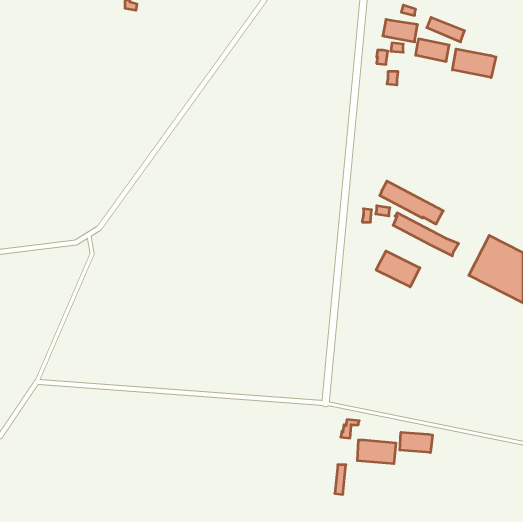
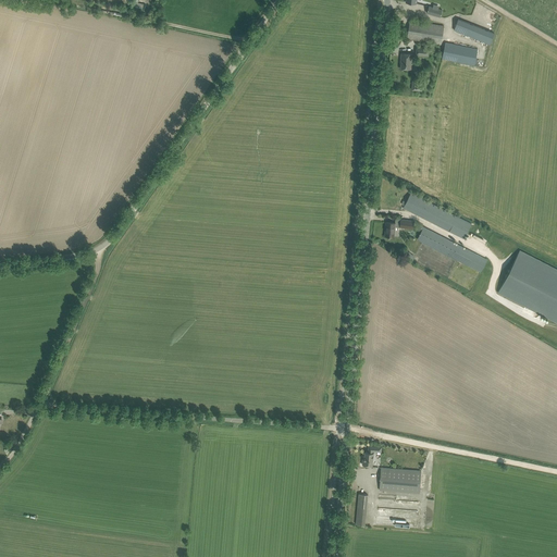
building: [452,49,496,78] -> none
building: [376,251,420,287] -> none
building: [400,432,432,453] -> none

